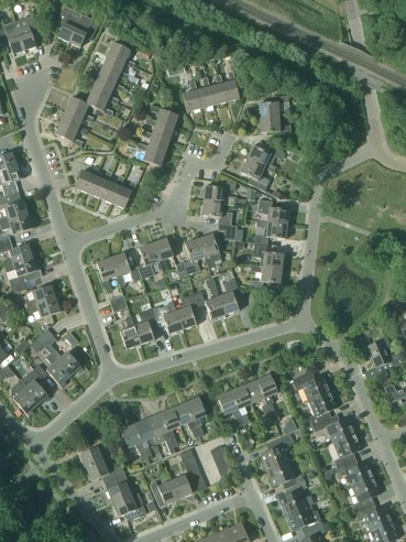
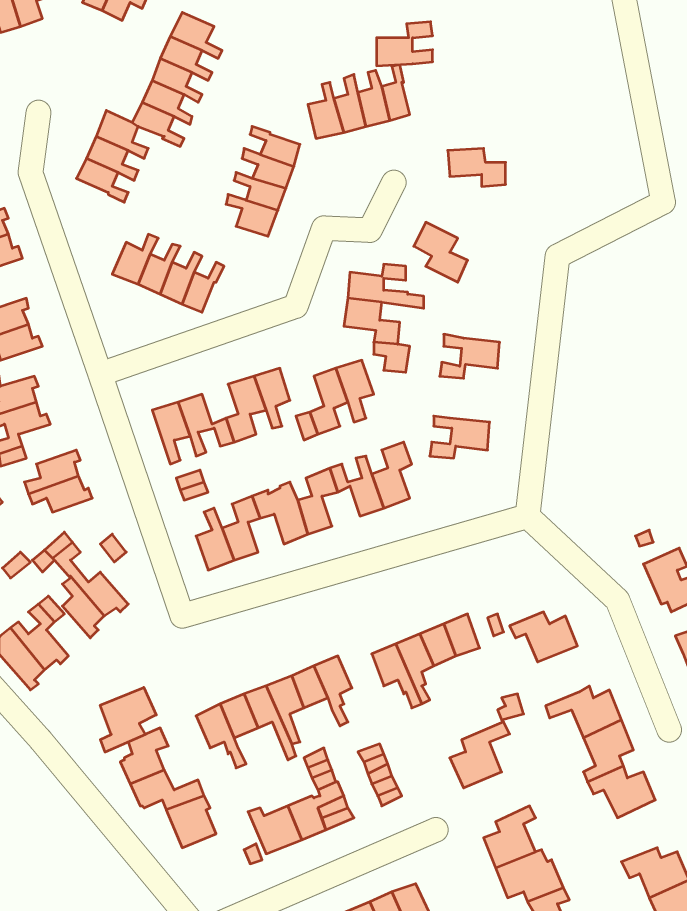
building: [259,94,289,118] -> [377,22,433,66]
building: [246,144,283,171] -> none
building: [257,198,289,224] -> none
building: [253,242,284,268] -> none
building: [308,391,337,424] -> none
building: none -> [100,687,156,752]
building: [267,460,304,488] -> none
building: [352,476,381,510] -> none
building: [112,492,145,519] -> none

